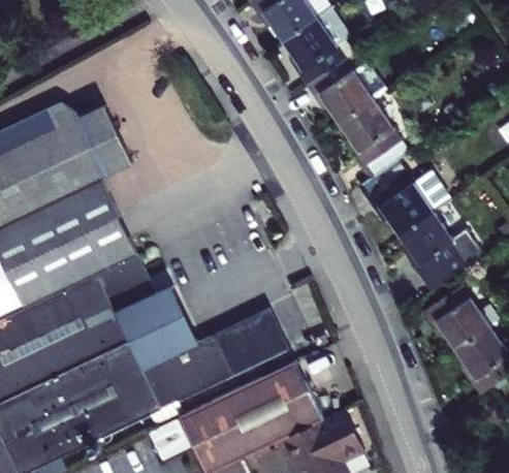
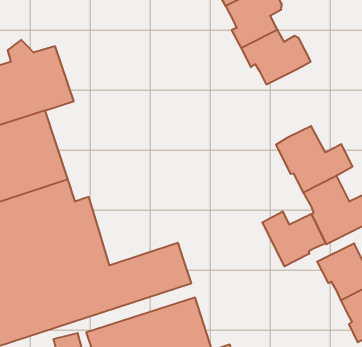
building: [340,97,408,175] -> none
building: none -> [262,211,326,266]

